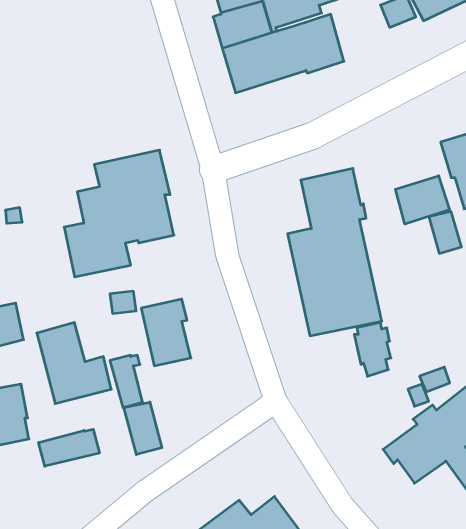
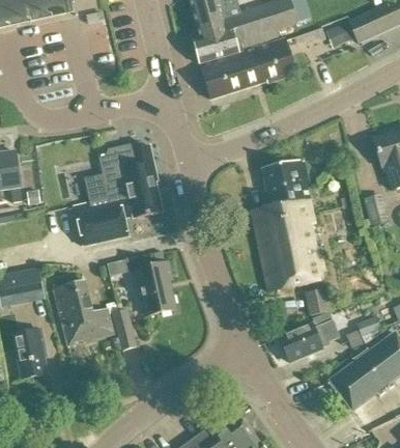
building: [395,176,449,224] -> none
building: none -> [279,319,340,362]
building: [124,402,162,455] -> none
building: [39,429,99,466] -> none

